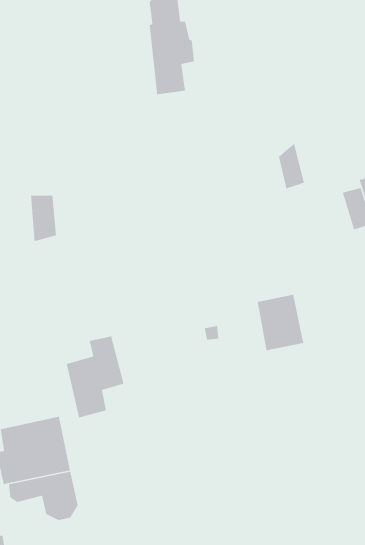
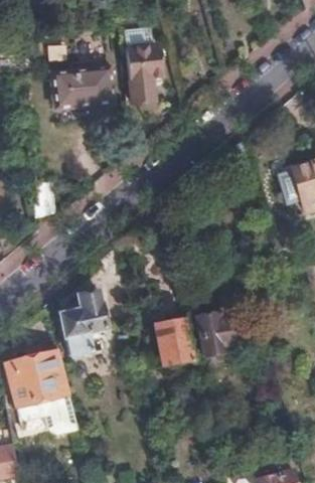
building: none -> [52,65,110,108]
building: [257,294,304,351] -> [197,312,234,357]
building: none -> [156,319,194,365]

